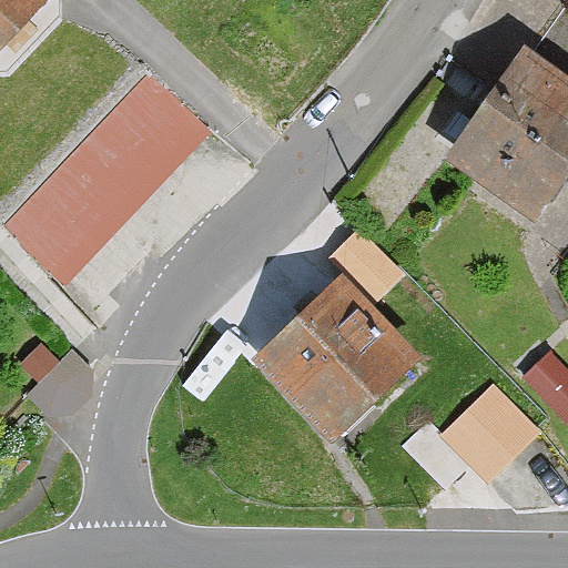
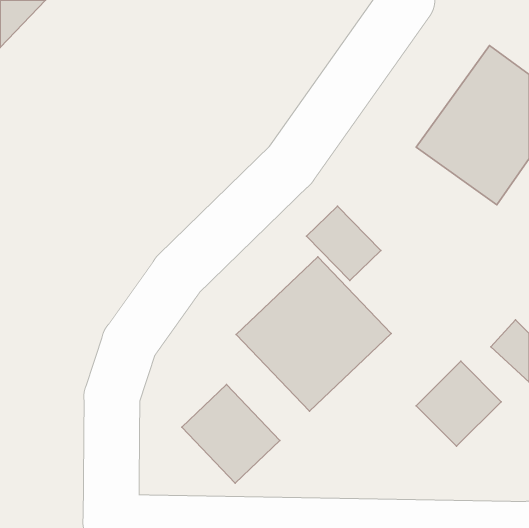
building: [4,77,206,280] -> none
building: none -> [182,385,280,483]

